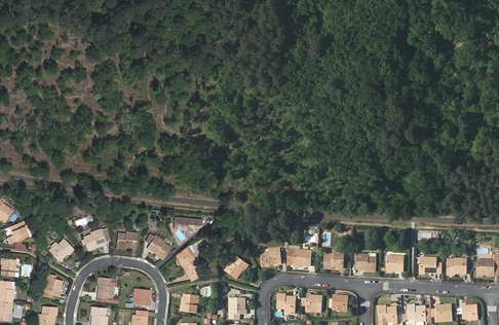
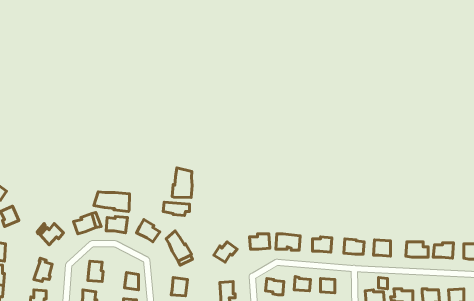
building: none -> [172,168,192,197]
building: none -> [94,192,129,211]

